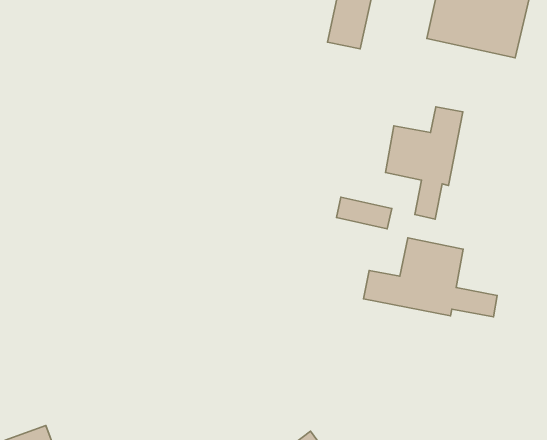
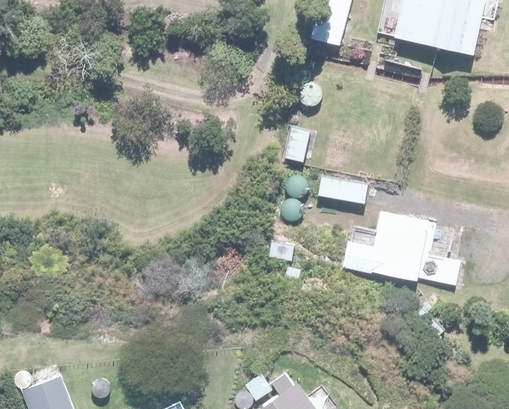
building: [385,107,463,219] -> none

